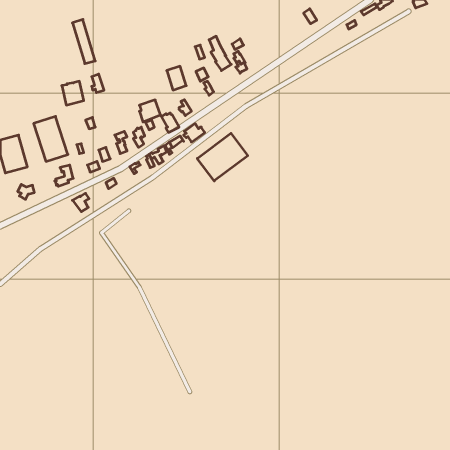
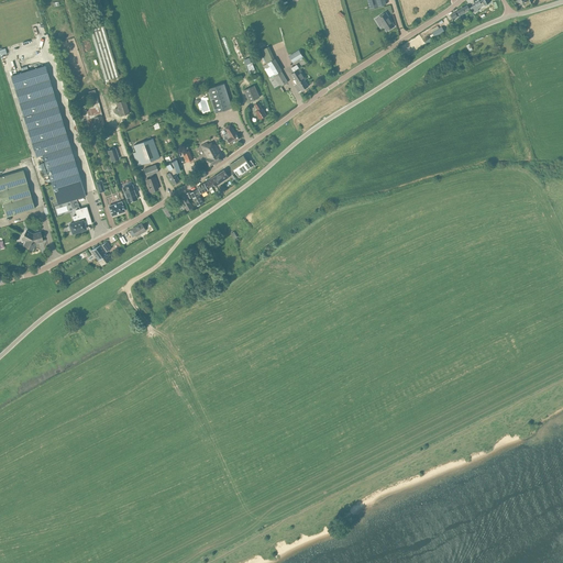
building: none -> [11,64,70,155]
building: [139,100,161,122] -> [134,137,161,165]
building: [197,133,248,181] -> none

